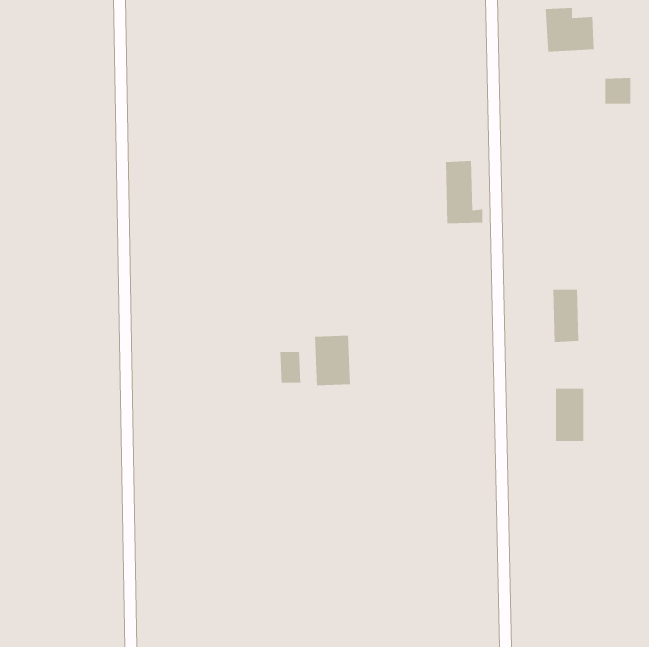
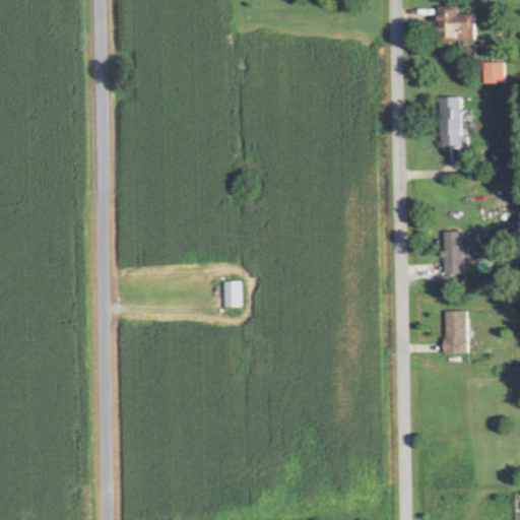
building: [445,161,483,224] -> [439,96,469,147]
building: [315,335,350,386] -> none

